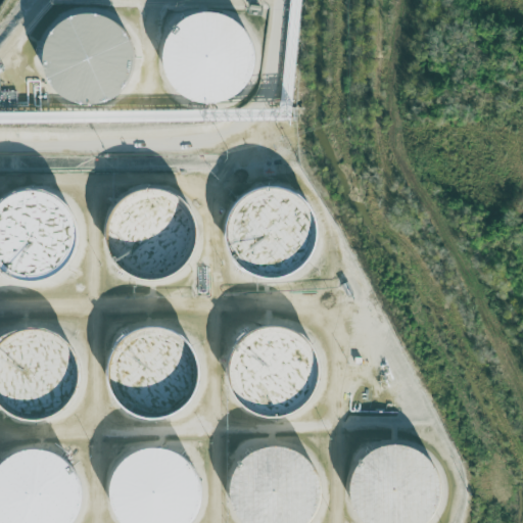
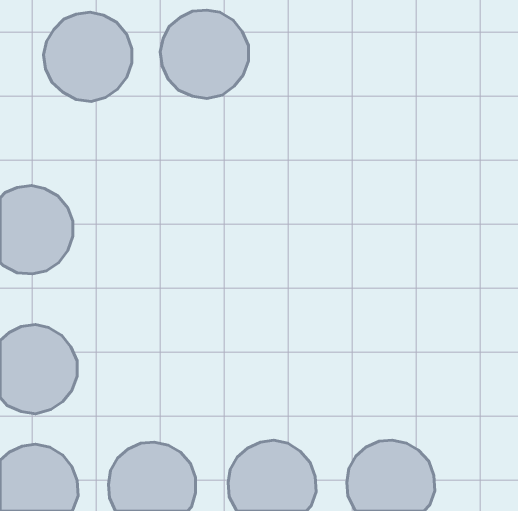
building: [106,186,195,276] -> none
building: [226,186,315,276] -> none
building: [226,323,315,413] -> none
building: [107,324,196,413] -> none

